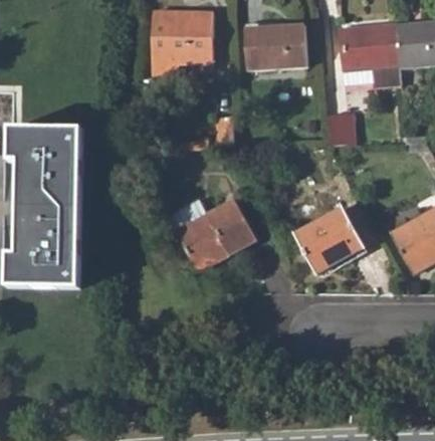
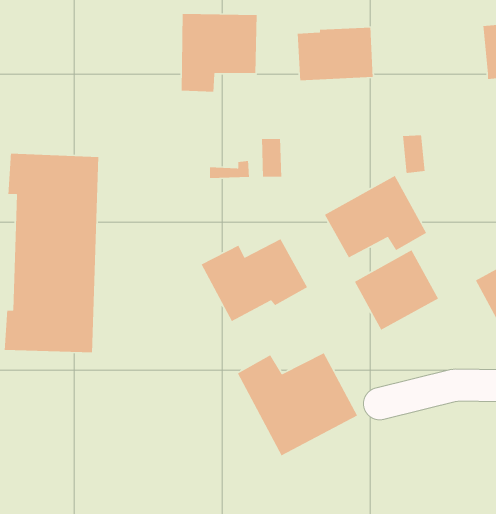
building: [340,24,400,84] -> none
building: none -> [324,175,427,259]
building: none -> [237,352,358,457]

